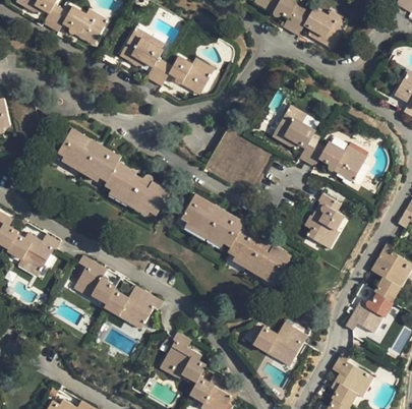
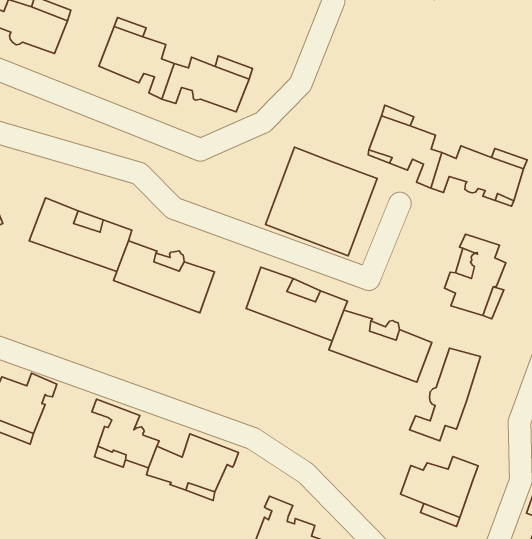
building: none -> [409,348,480,441]

